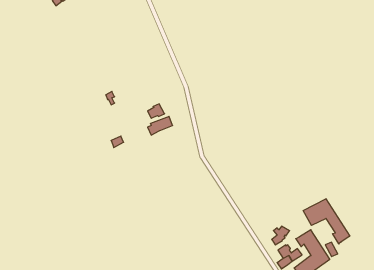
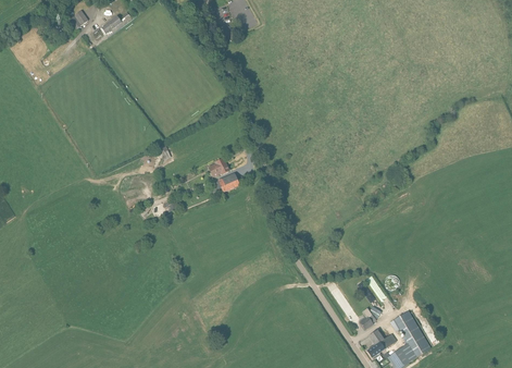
building: [303,199,350,244] -> none

